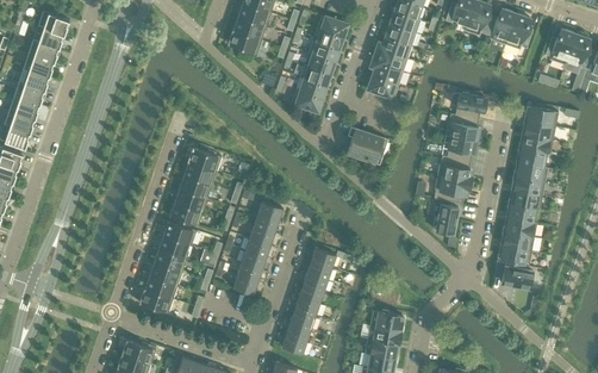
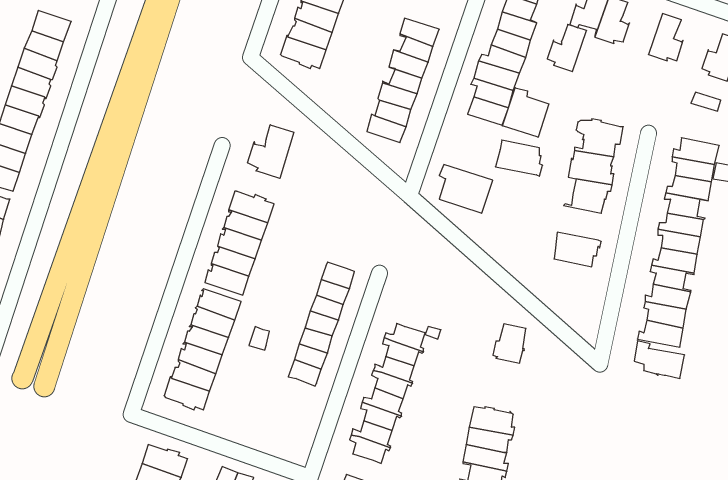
building: [486,8,516,44] -> [547,24,587,72]
building: none -> [502,88,549,137]
building: none -> [248,125,294,178]
building: [436,158,472,186] -> [495,140,543,176]
building: [432,205,457,235] -> [493,324,526,363]

